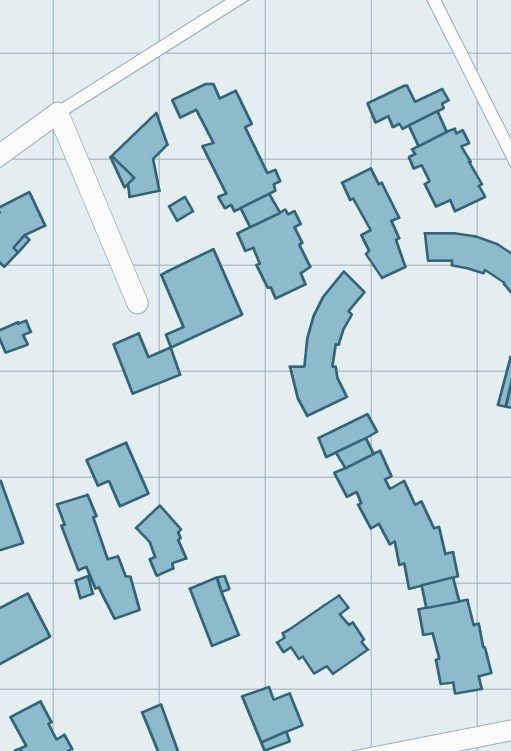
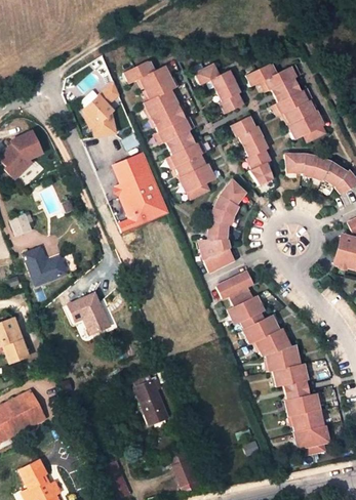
building: none -> [200,61,246,113]
building: none -> [112,149,150,182]
building: [114,333,180,394] -> [23,247,66,286]
building: [57,495,139,619] -> none
building: [136,506,186,576] -> none
building: [277,595,368,674] -> none

